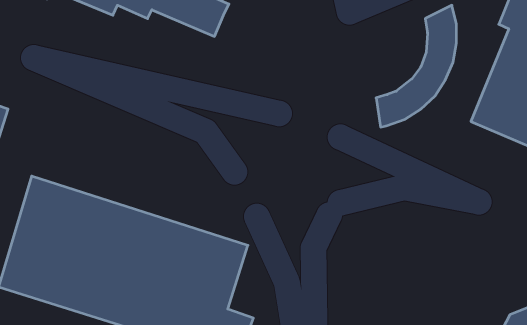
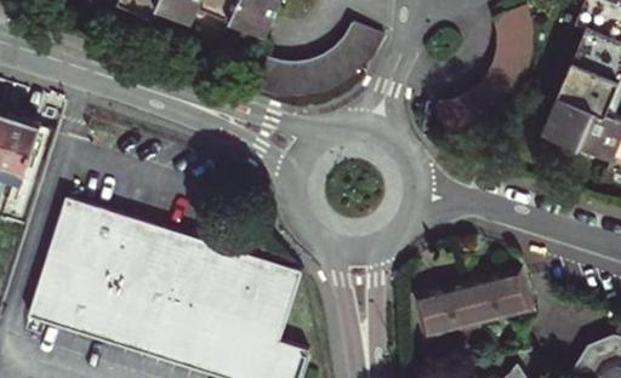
building: none -> [255,28,382,101]
building: none -> [415,265,530,332]

